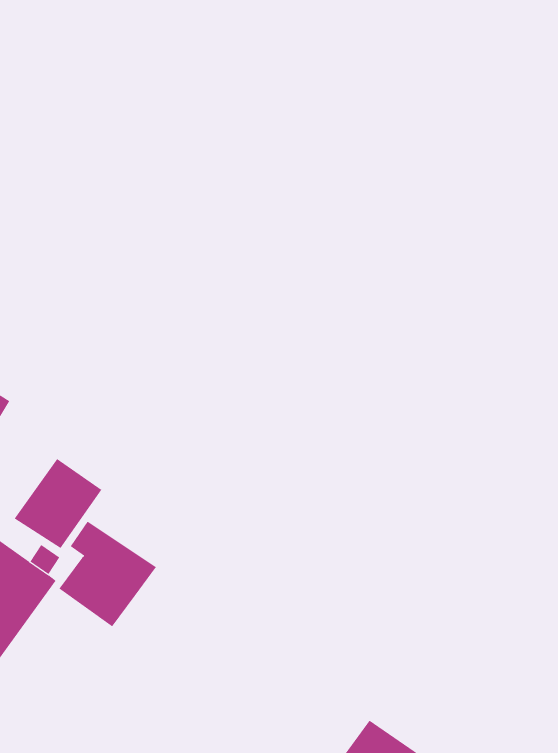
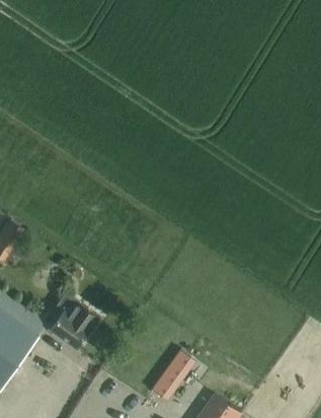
building: [14,458,102,549] -> none
building: none -> [152,351,195,401]

